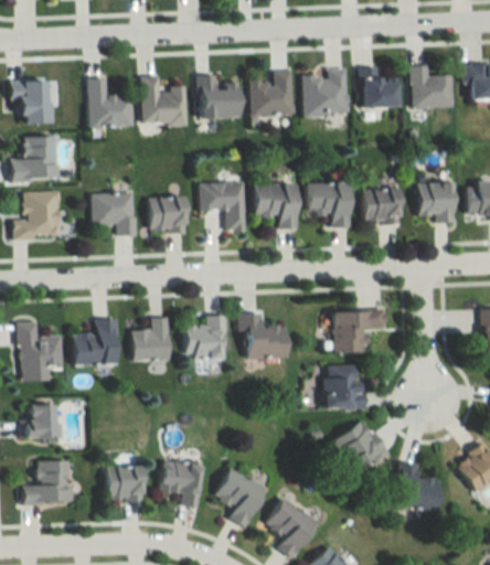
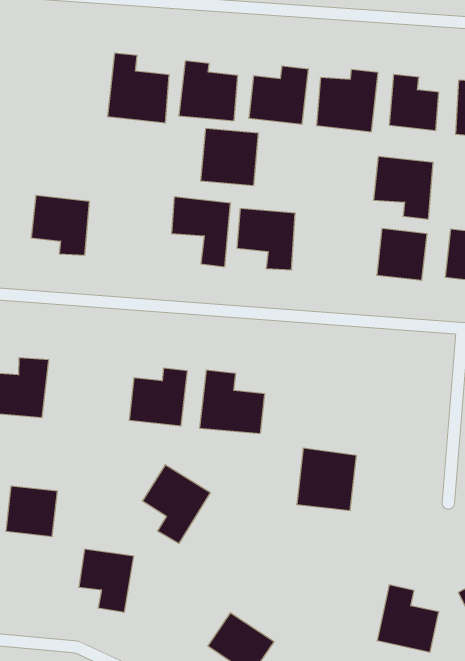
building: [88,77,134,127] -> none
building: none -> [201,128,258,186]
building: [307,182,351,226] -> [373,156,433,219]
building: [150,196,185,232] -> none
building: [330,310,387,353] -> none
building: [132,317,170,360] -> none
building: [333,419,390,476] -> none
building: [106,466,142,501] -> [6,486,57,536]
building: [214,467,266,526] -> [142,465,210,543]

